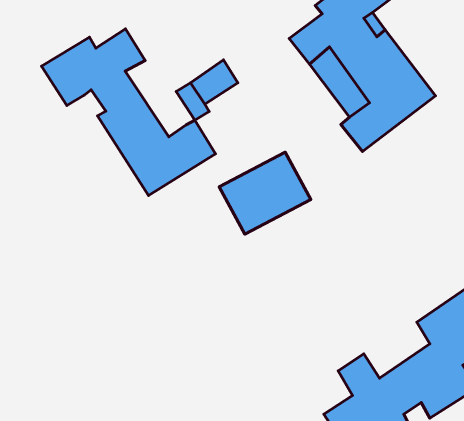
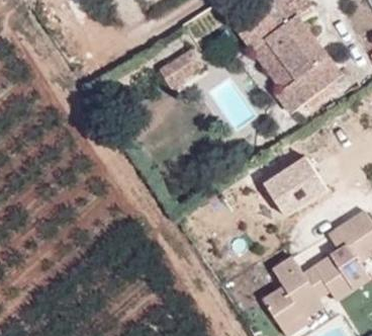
building: [41,29,216,196] -> none
building: [219,152,311,234] -> [262,158,327,216]

